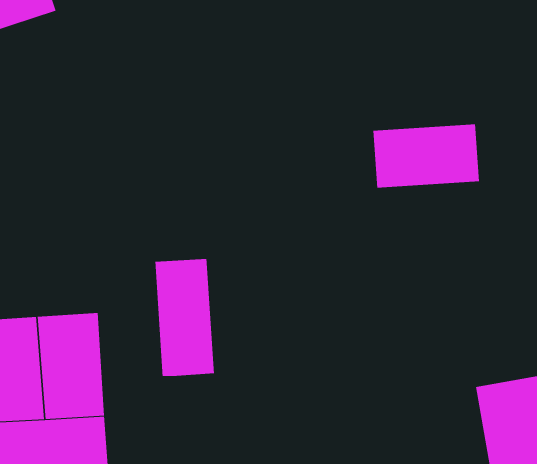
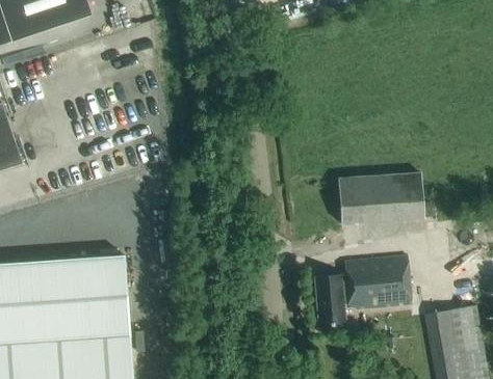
building: [372,124,480,188] -> [337,172,422,223]
building: [155,258,214,377] -> none
building: none -> [314,256,411,326]

